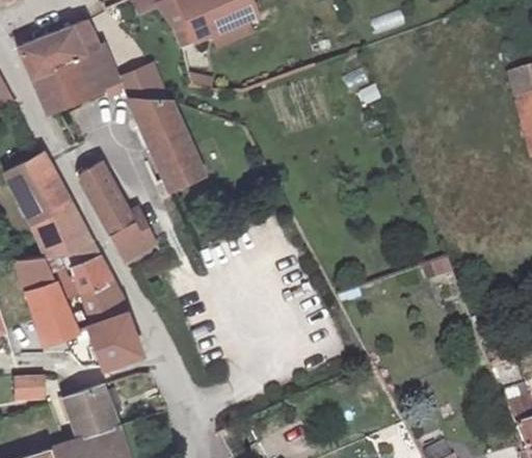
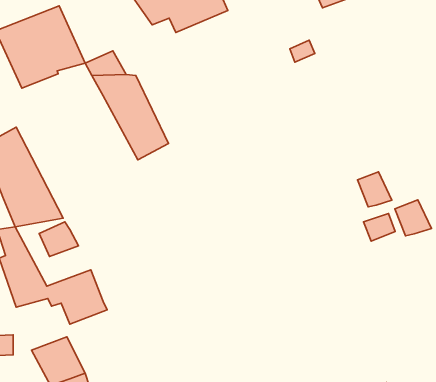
building: [81,164,158,258] -> none
building: none -> [357,172,392,207]
building: none -> [395,200,432,236]
building: [79,284,124,322] -> none

